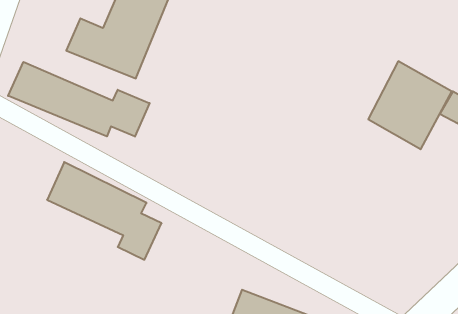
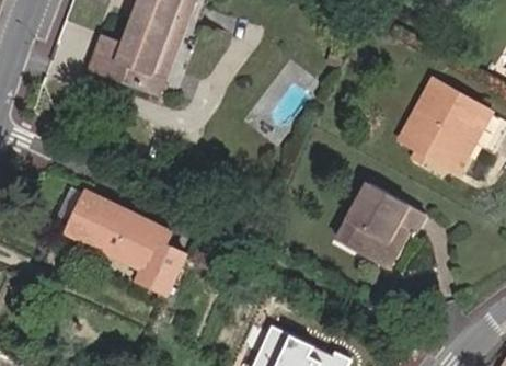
building: [8,62,150,137] -> none
building: none -> [331,186,422,267]

